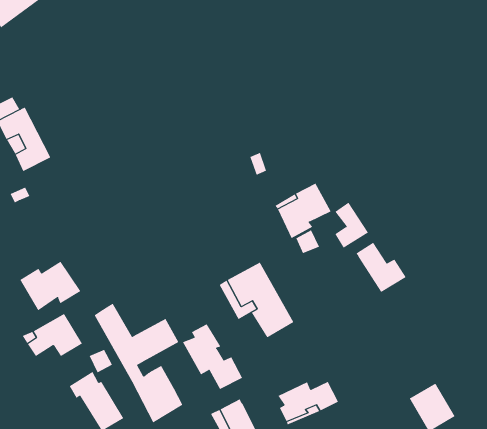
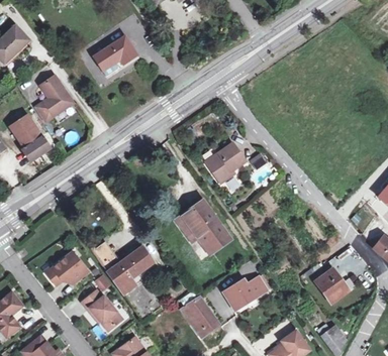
building: none -> [93,36,137,76]
building: none -> [36,76,74,121]
building: [355,242,406,293] -> none
building: [19,261,81,311] -> none
building: [182,324,243,390] -> none

